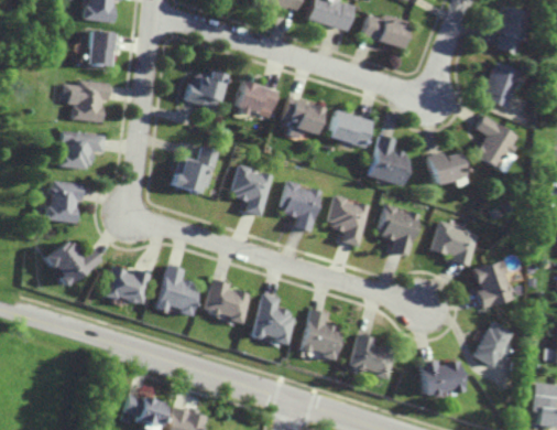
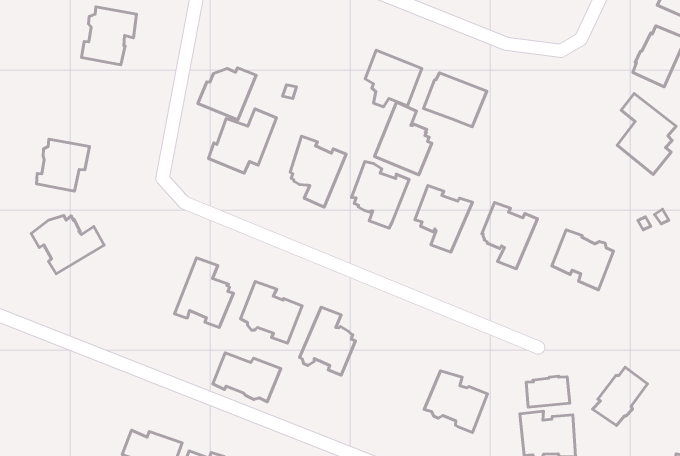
building: [184,72,226,110] -> [198,68,256,120]
building: [236,82,278,117] -> none
building: [57,132,105,171] -> none
building: [368,135,409,187] -> [375,102,432,175]
building: [427,153,466,186] -> none
building: [474,259,513,305] -> none
building: [101,264,149,301] -> none
building: [296,307,338,357] -> none
building: none -> [526,376,570,407]
building: none -> [213,353,281,402]

